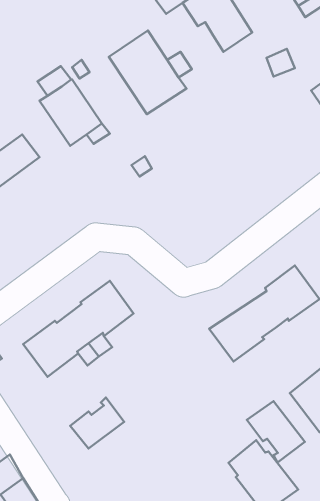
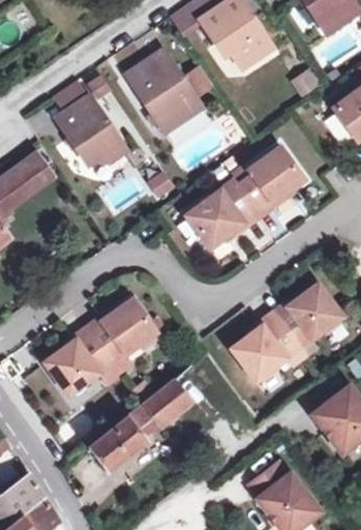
building: none -> [184,146,303,247]
building: none -> [144,375,199,424]
building: [247,401,305,463] -> none

